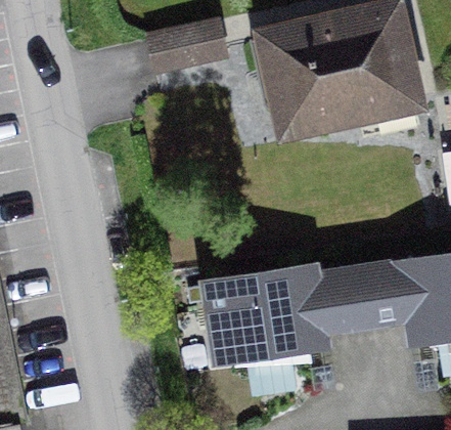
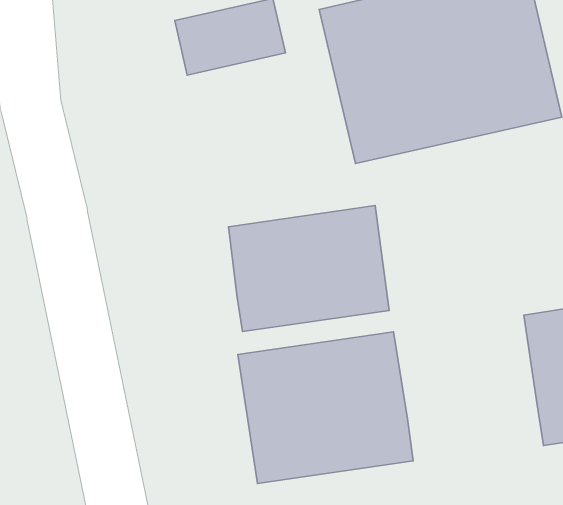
building: none -> [228,206,389,332]
building: [307,254,411,330] -> none

